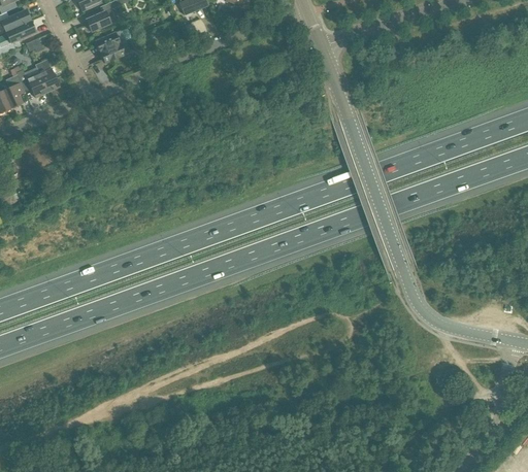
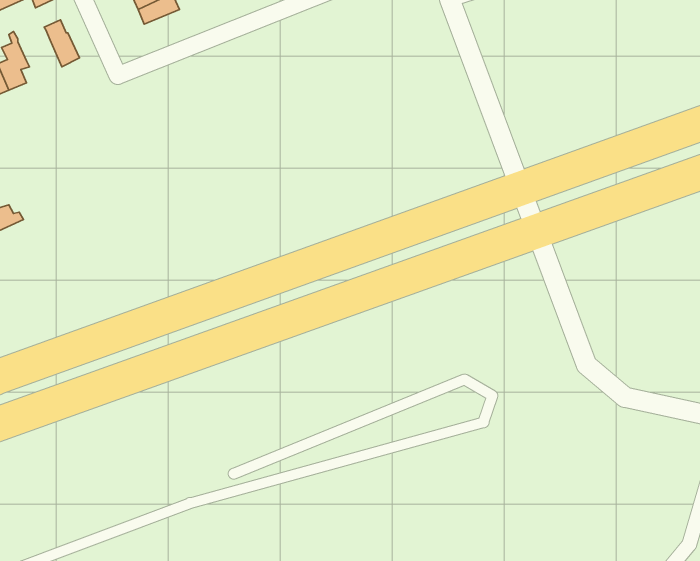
building: [15,66,46,97] -> none

